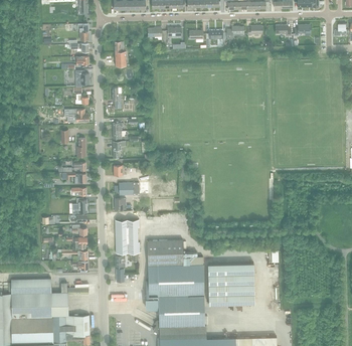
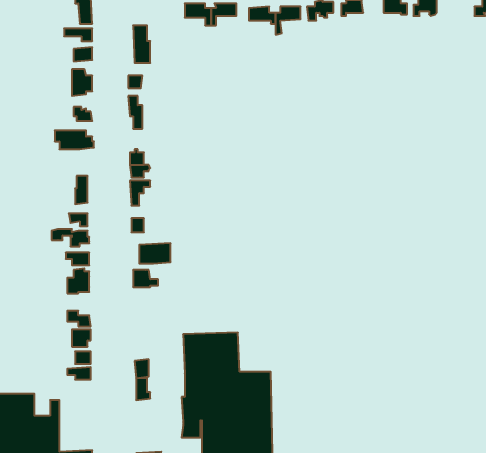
building: [115,220,140,254] -> none
building: [208,265,254,306] -> none

